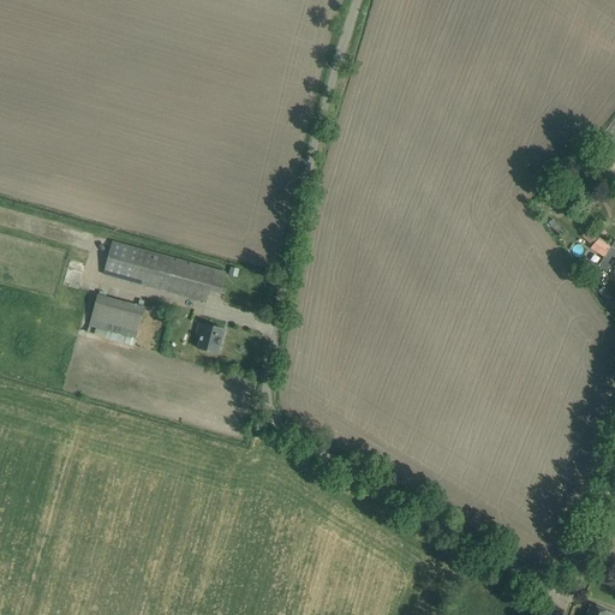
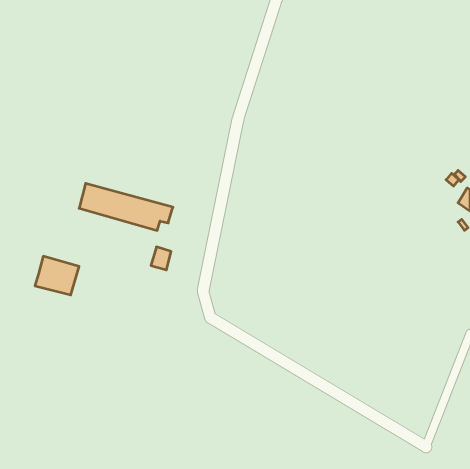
building: [86,293,144,344] -> [35,256,79,295]

